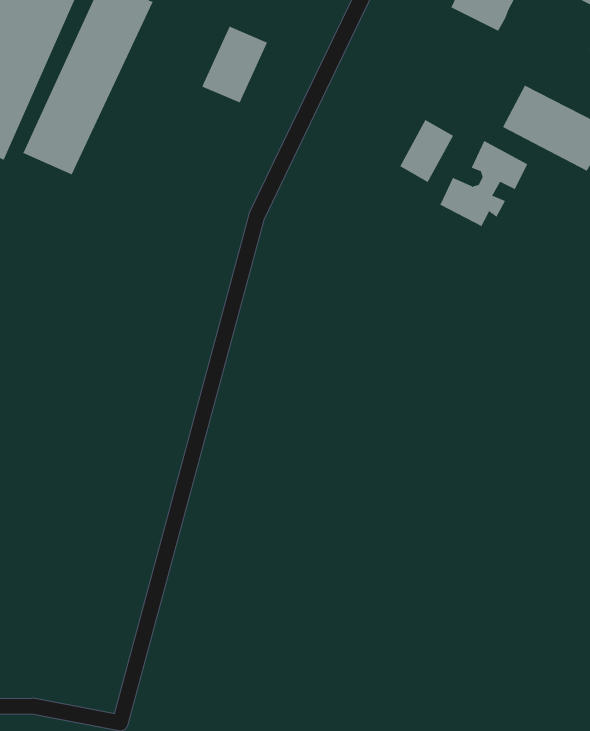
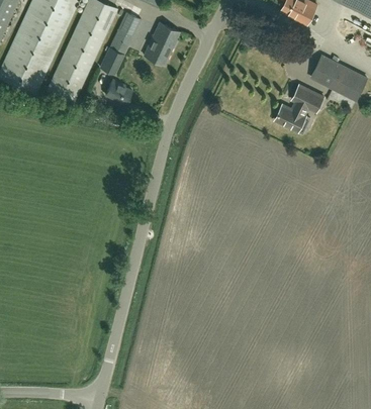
building: none -> [100,12,142,75]
building: [399,119,454,183] -> none
building: none -> [105,79,133,104]

